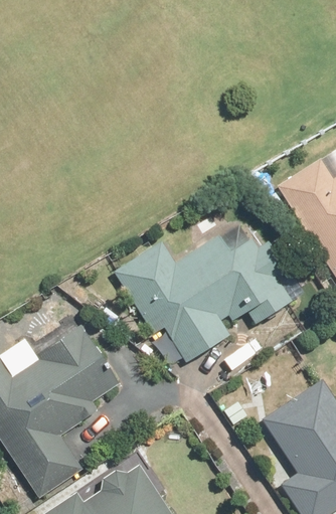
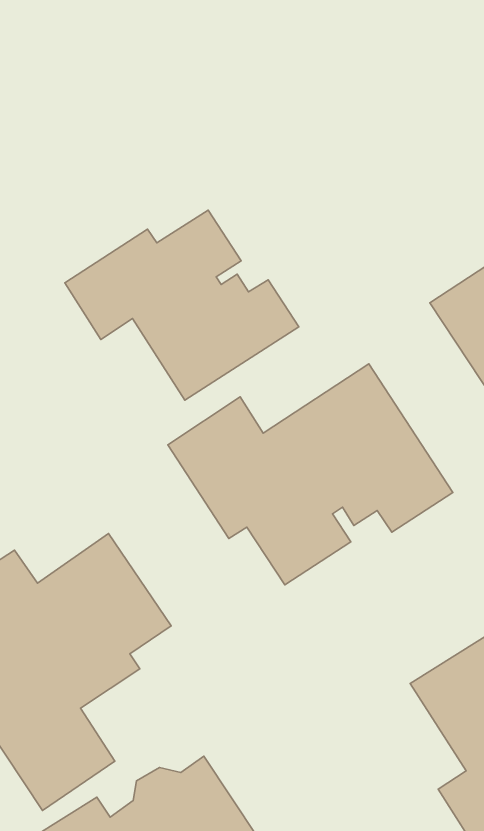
building: none -> [65,210,299,400]

